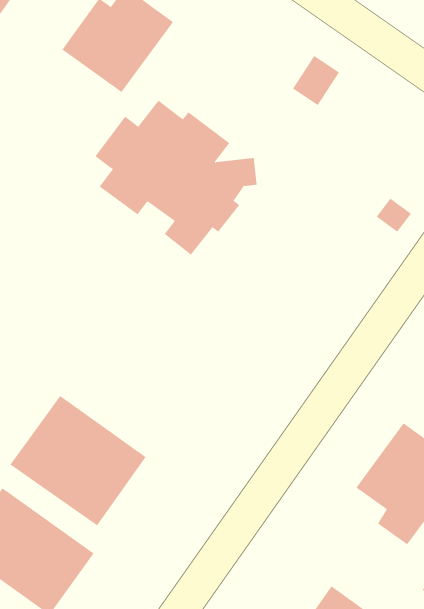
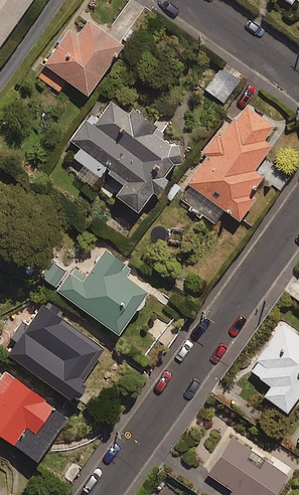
building: none -> [177,107,273,225]
building: none -> [40,251,149,334]

